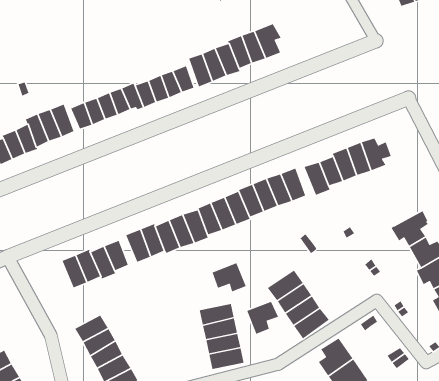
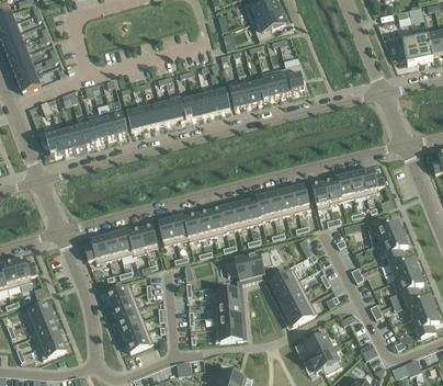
building: none -> [374,215,405,241]
building: none -> [84,235,110,262]
building: [246,301,279,335] -> [247,249,273,275]

